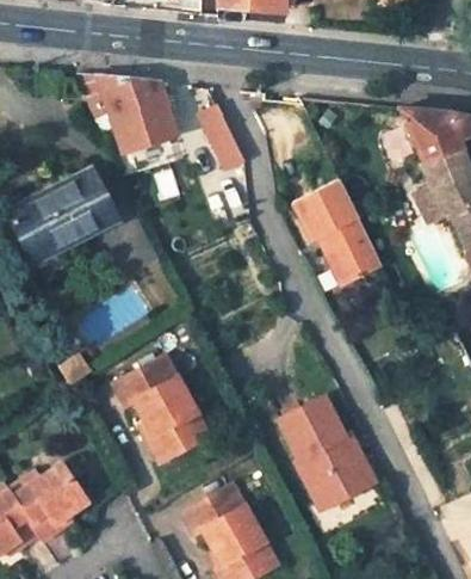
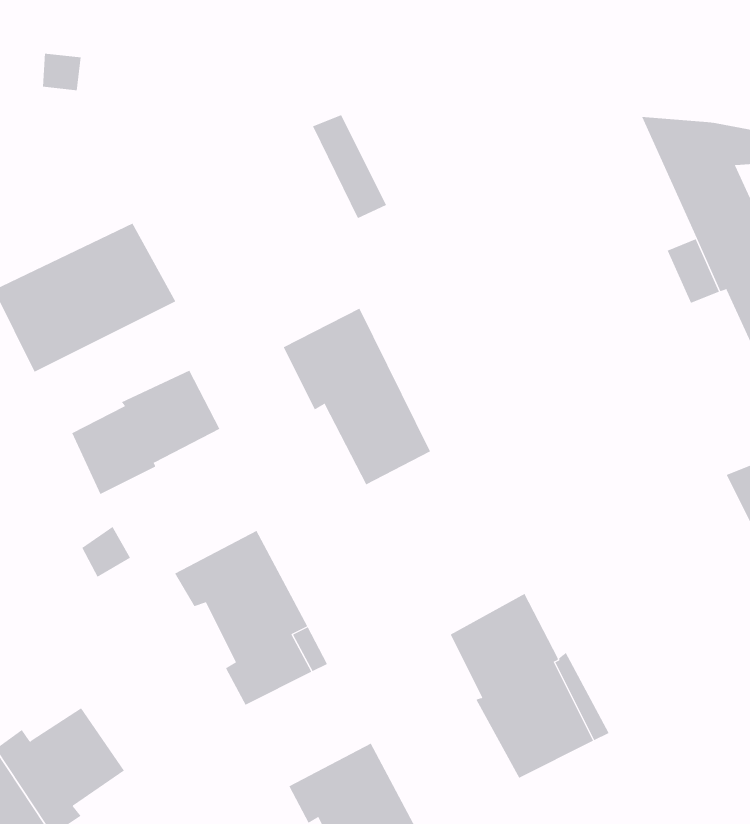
building: [78,73,175,150] -> none
building: [292,178,382,285] -> [283,308,431,485]
building: none -> [71,370,220,495]

